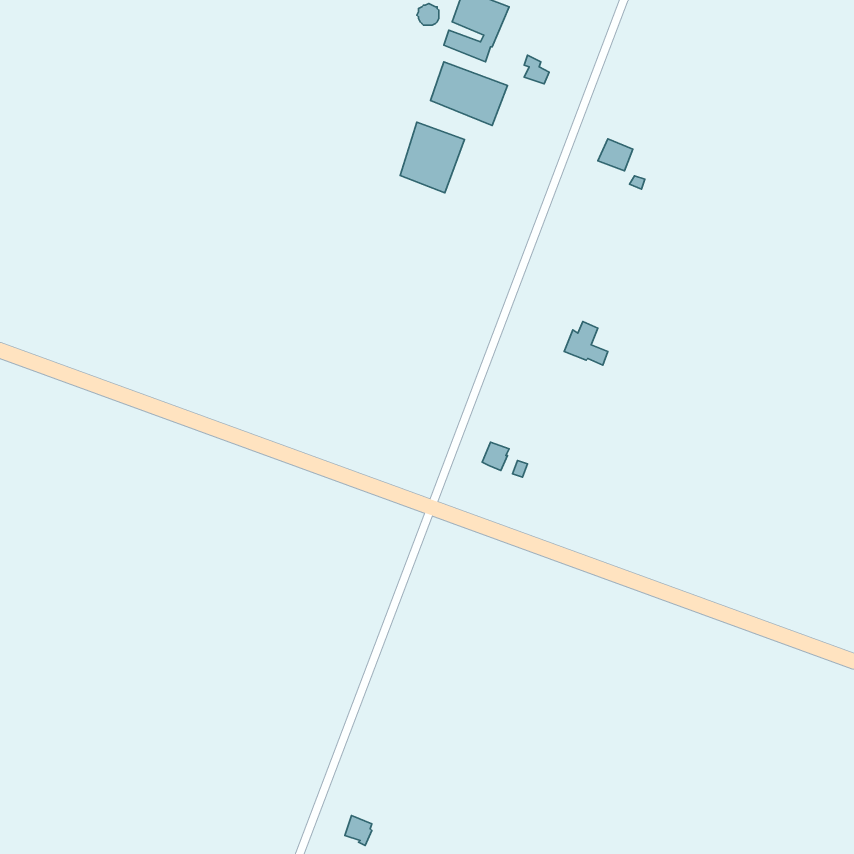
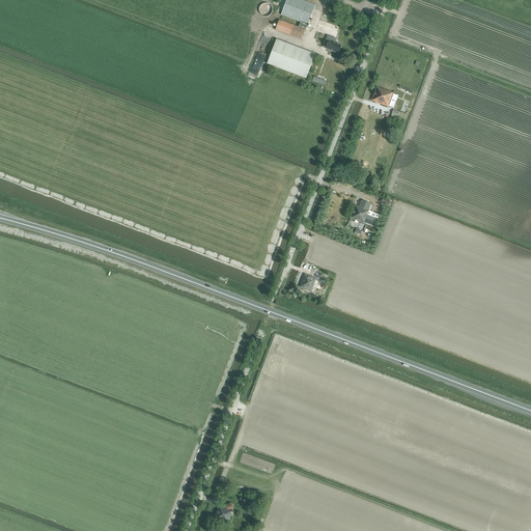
building: [400,122,464,193] -> none

